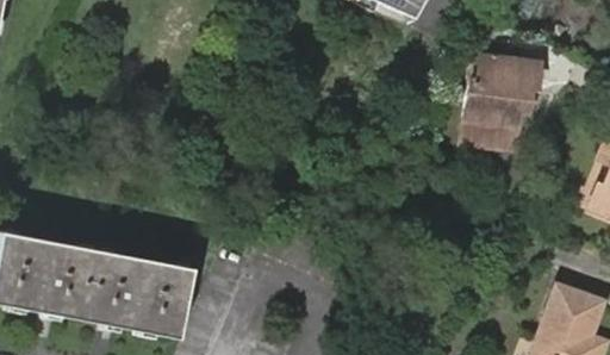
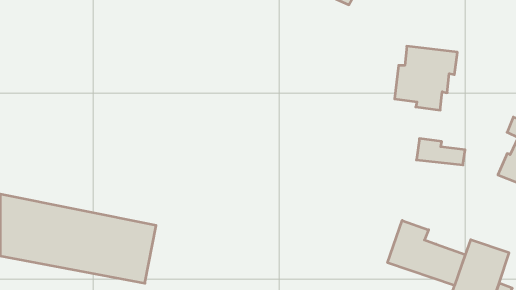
building: [462,122,519,152] -> [416,139,465,165]
building: none -> [388,220,465,285]

